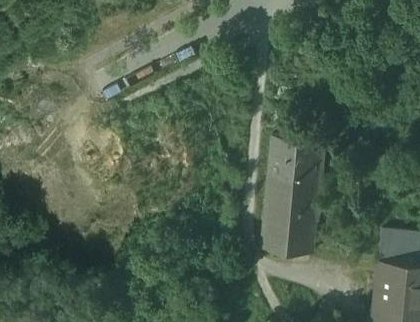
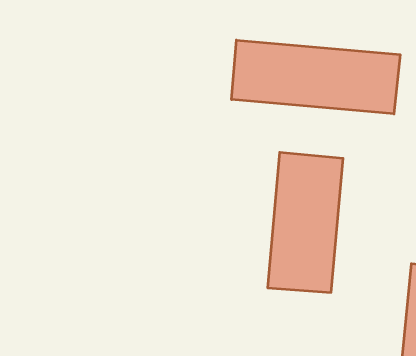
building: none -> [232,40,400,114]

